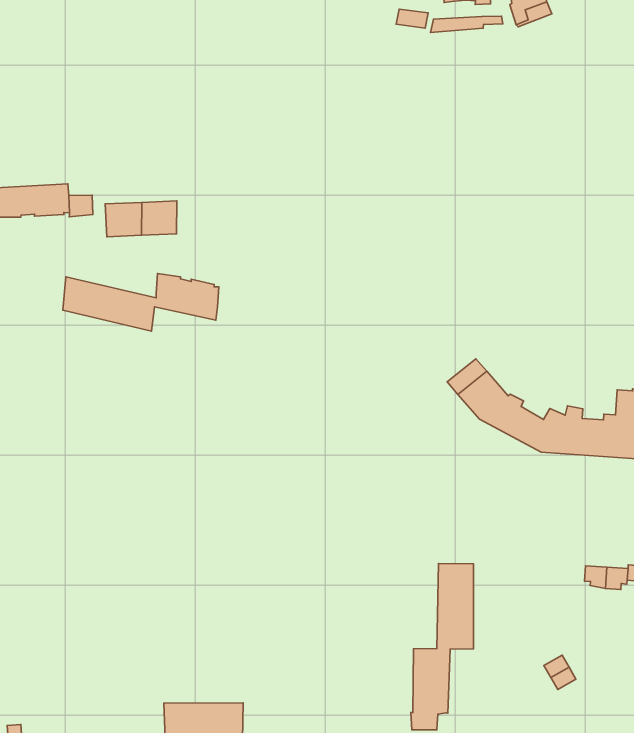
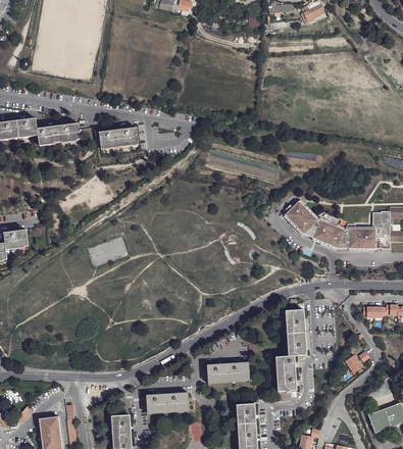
building: [63,274,219,331] -> none
building: none -> [207,361,250,383]

